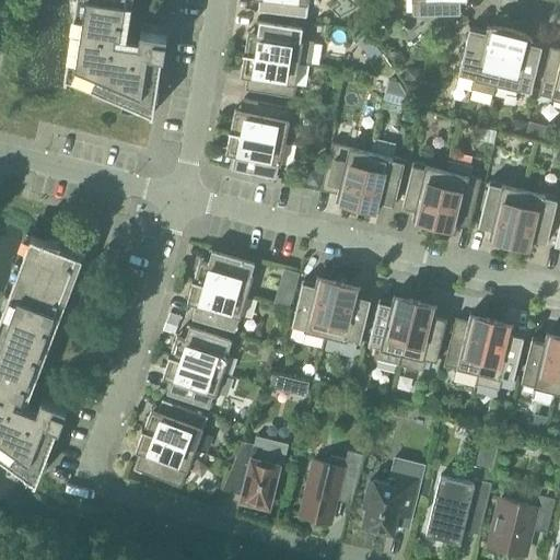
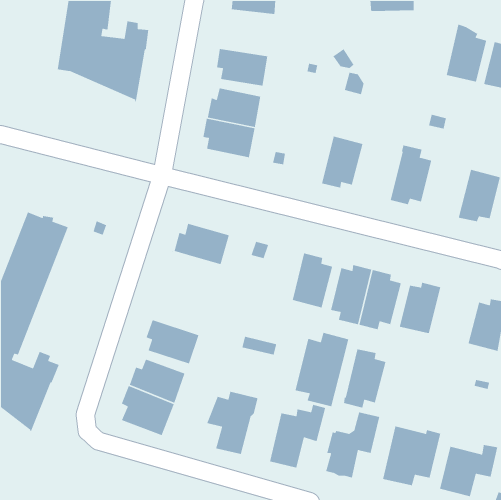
building: [243,22,313,67] -> none
building: [459,27,511,95] -> none
building: [322,143,372,207] -> none
building: [402,164,448,225] -> none
building: [479,183,525,245] -> none
building: [292,278,339,337] -> none
building: [188,282,247,331] -> none
building: [477,322,525,388] -> [343,349,386,409]
building: [168,326,234,375] -> none
building: none -> [295,332,349,407]

